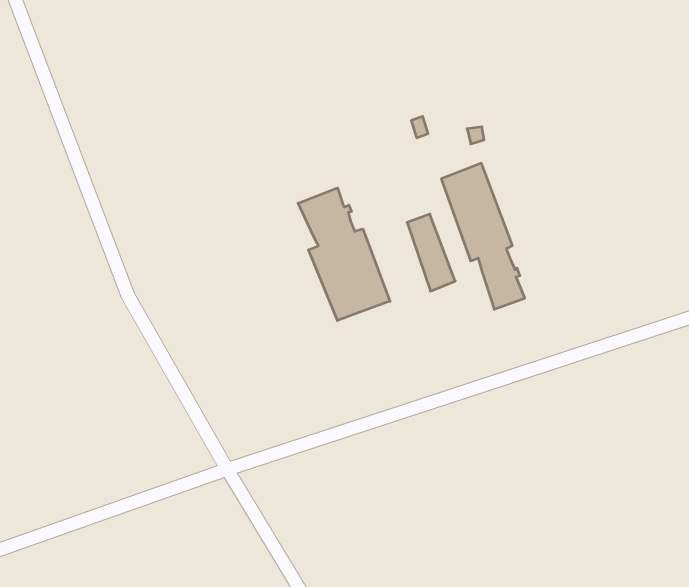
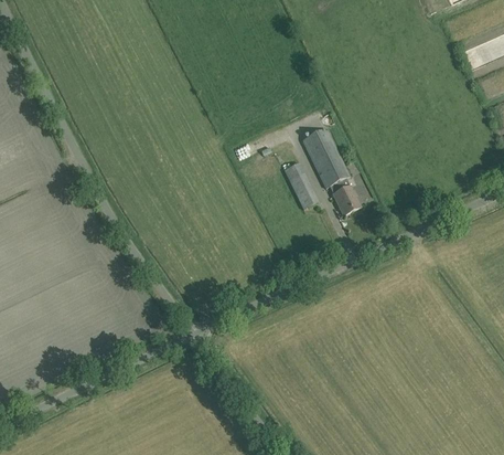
building: [298,188,390,321] -> none

